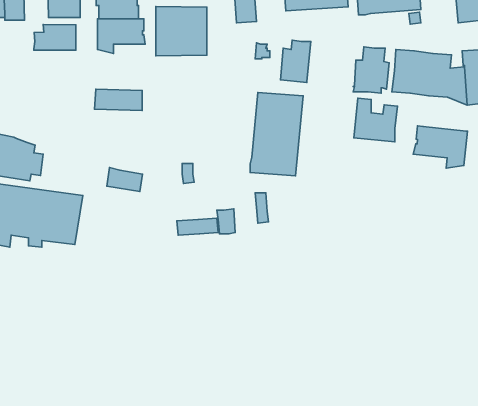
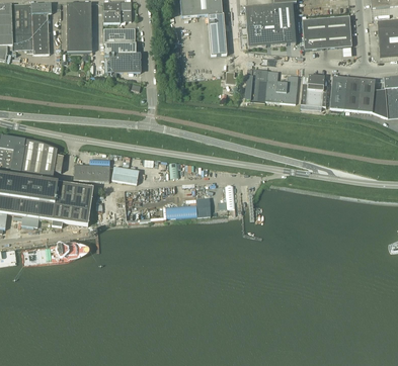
building: [156,7,207,56] -> none
building: [34,24,76,50] -> none
building: [94,89,142,111] -> [73,164,109,180]
building: [250,92,303,176] -> none
building: [354,98,398,142] -> [264,69,298,102]
building: [413,126,467,168] -> none

